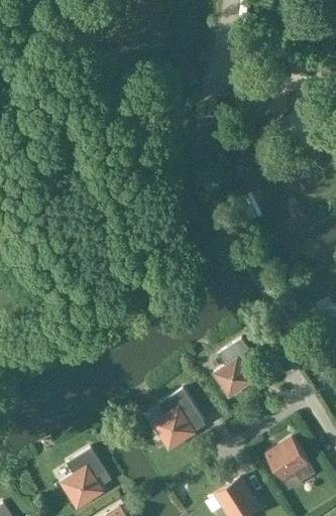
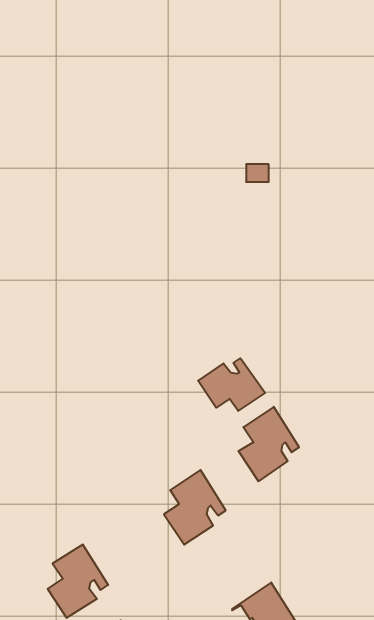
building: none -> [198,358,265,411]
building: [267,439,314,481] -> none

